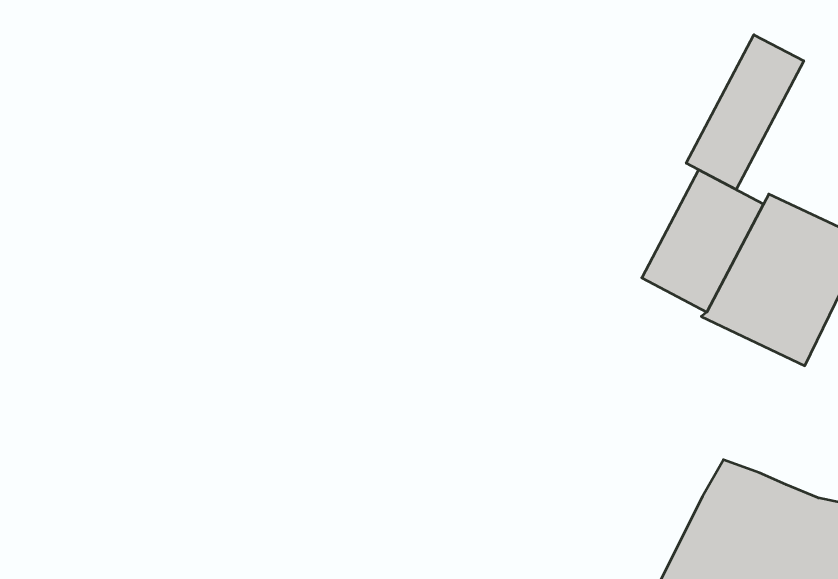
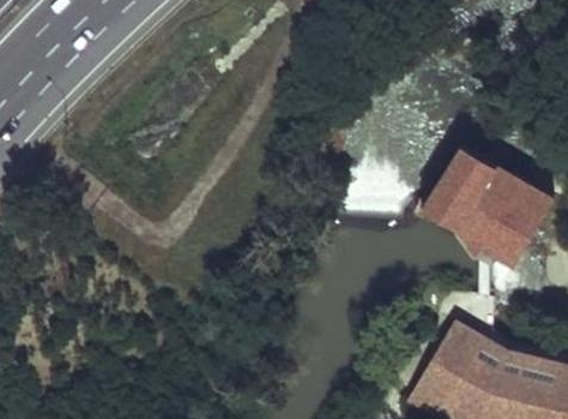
building: [686,35,804,189] -> none

